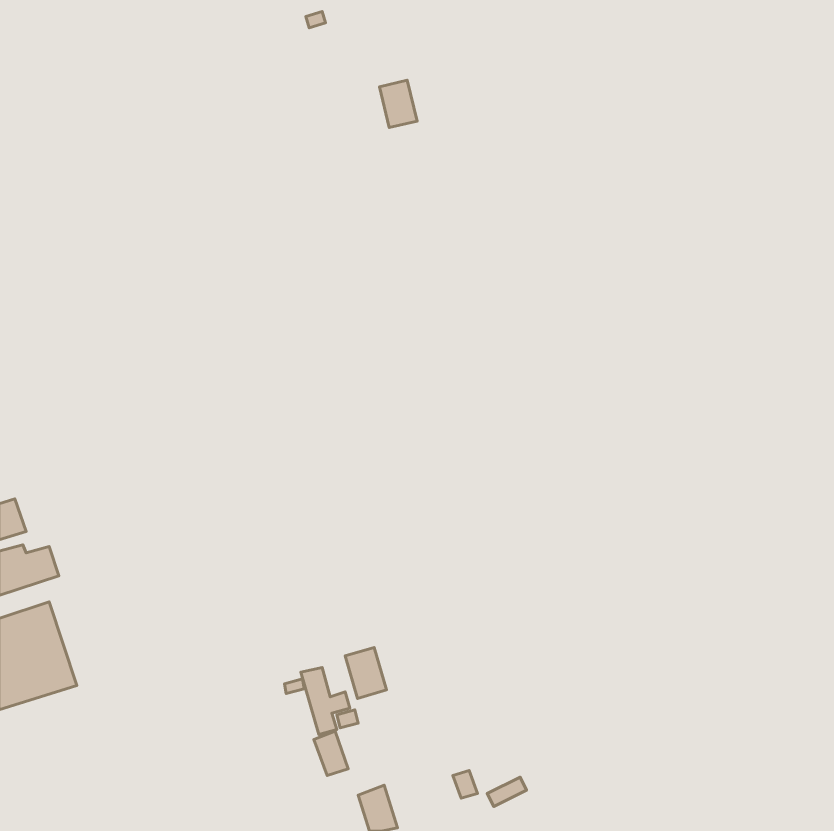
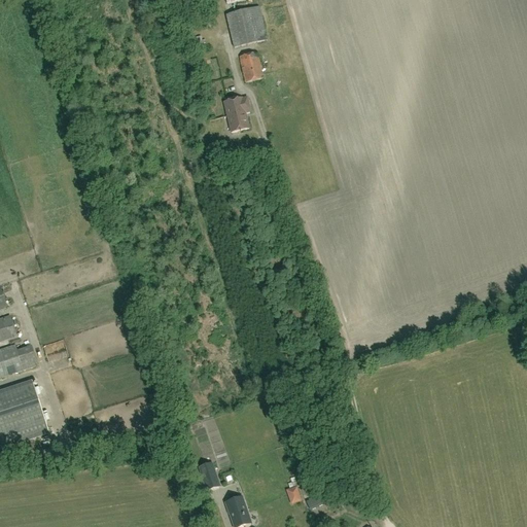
building: none -> [224,4,267,46]
building: none -> [223,96,249,131]
building: [345,647,386,698] -> none

